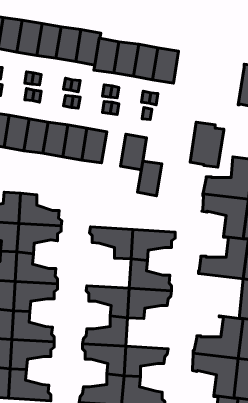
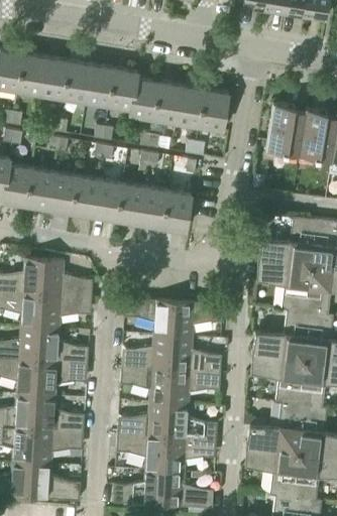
building: [190,122,224,167] -> [266,104,306,156]
building: [138,161,162,196] -> [139,187,167,228]
building: none -> [122,335,174,370]
building: none -> [251,353,305,405]
building: none -> [167,404,217,440]

